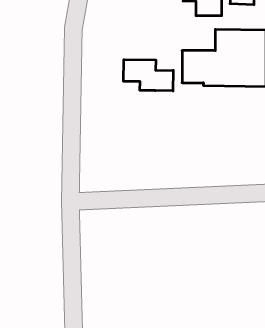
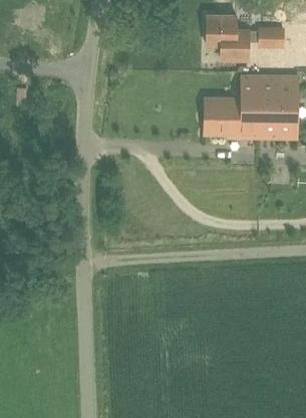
building: [124,60,173,91] -> none

